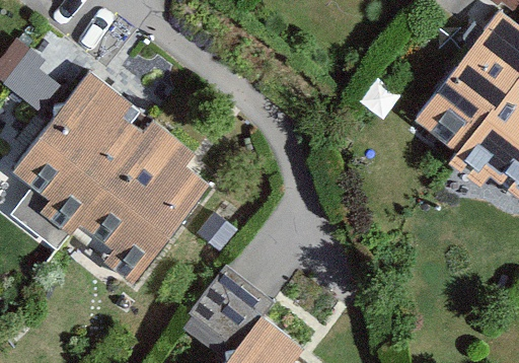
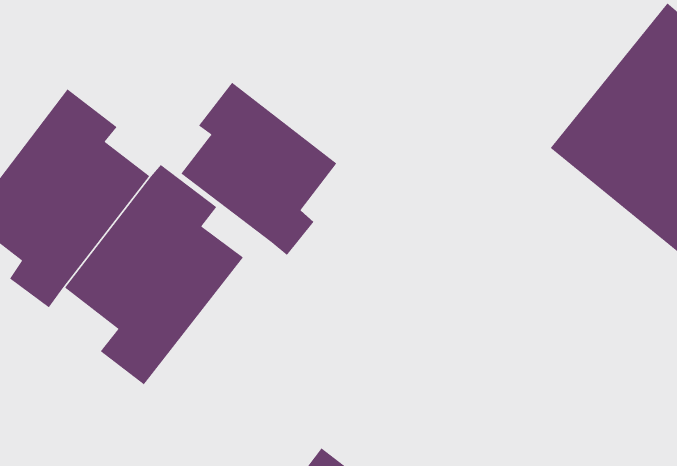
building: none -> [181,82,337,256]

